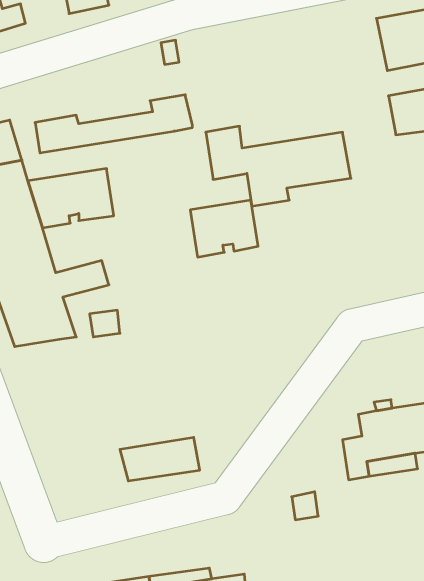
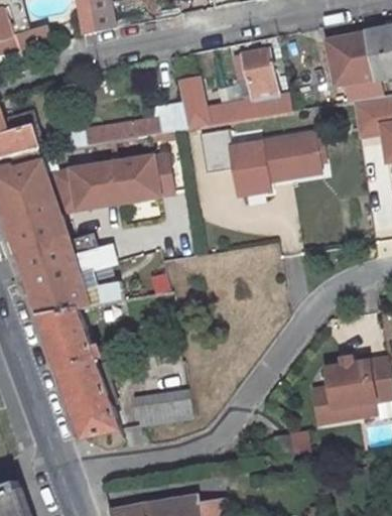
building: none -> [235,47,291,120]
building: none -> [180,93,225,128]
building: [190,200,258,257] -> [115,156,171,204]
building: none -> [38,306,121,435]

